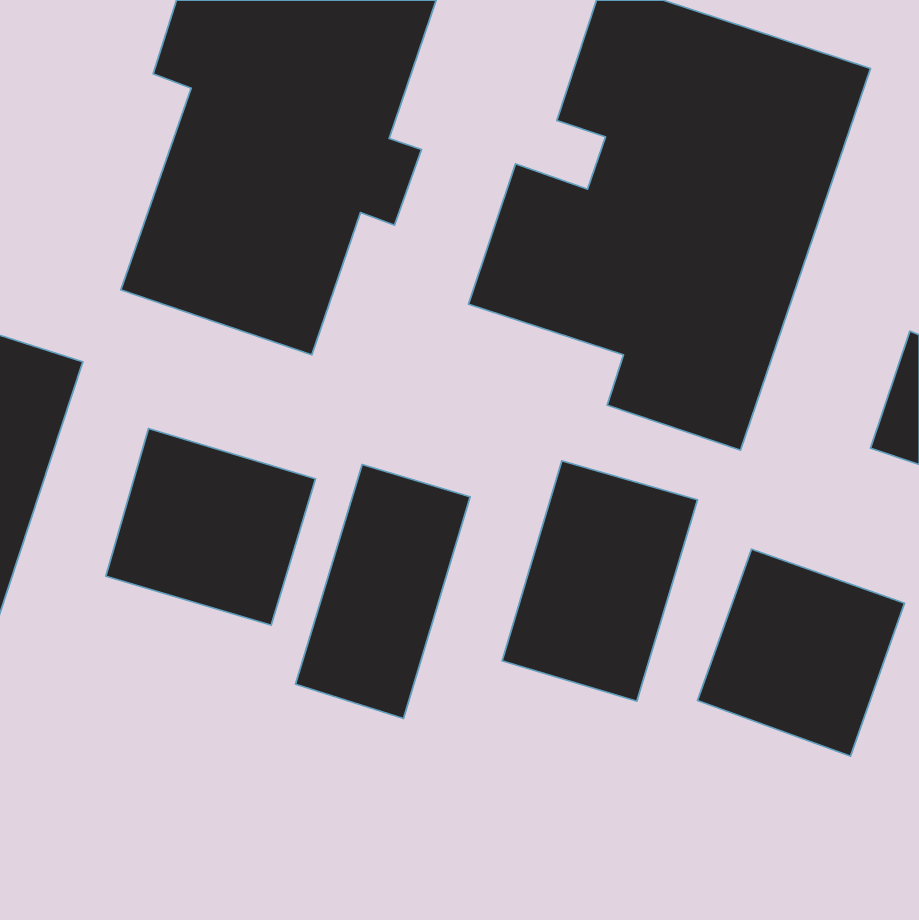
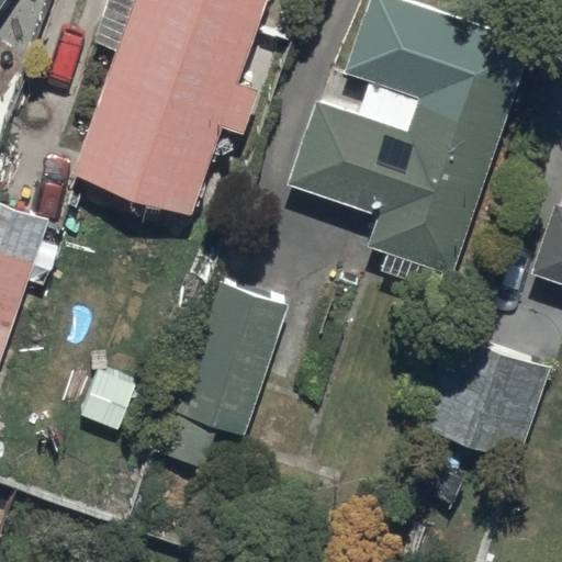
building: [106,428,315,625] -> none
building: [502,461,697,701] -> none

